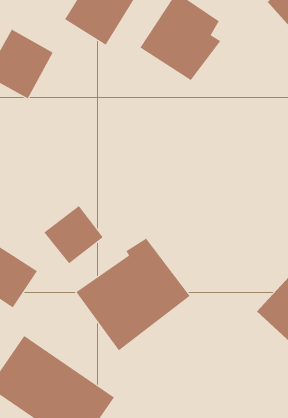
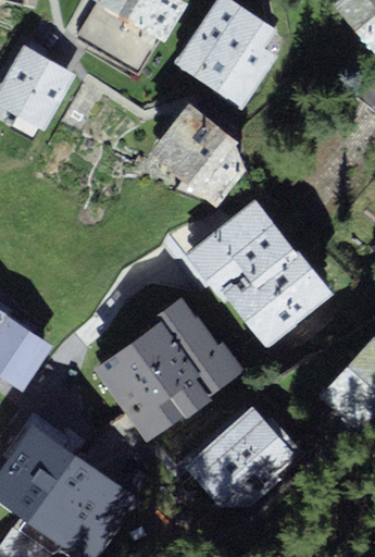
building: none -> [145,106,247,209]
building: none -> [191,201,334,348]
building: [43,205,104,264] -> none
building: none -> [178,406,291,509]

